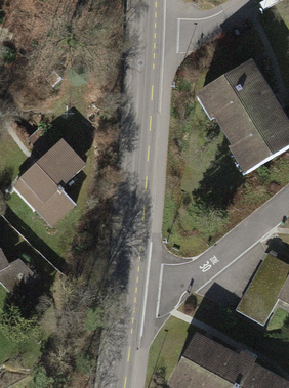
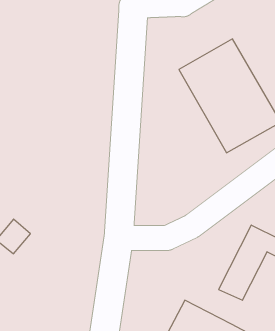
building: [8,132,92,225] -> none

